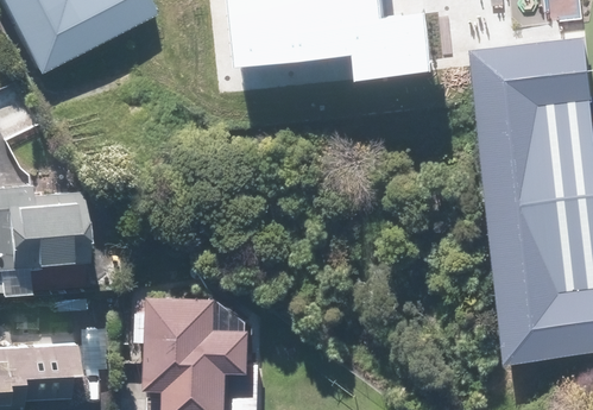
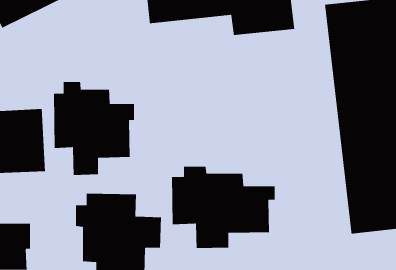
building: none -> [53,81,135,176]
building: none -> [171,166,276,249]

